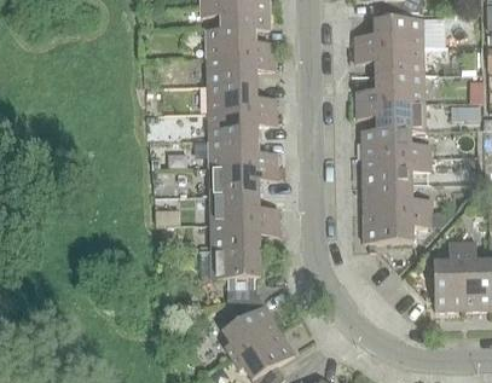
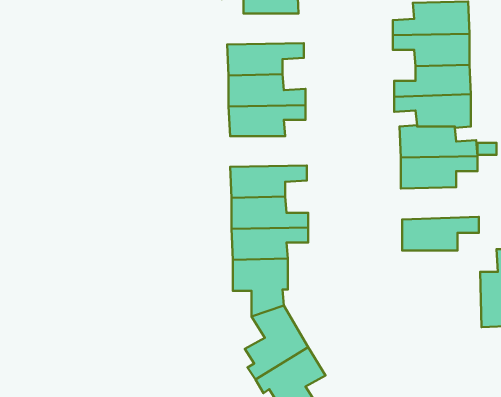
building: [206,28,274,57] -> none
building: [208,139,277,167] -> none
building: [361,185,432,214] -> none

